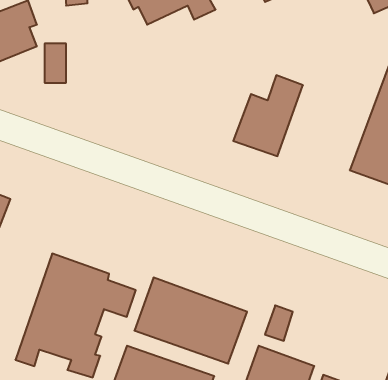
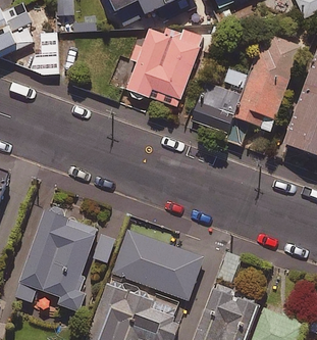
building: none -> [125,29,201,106]
building: none -> [226,36,300,147]

